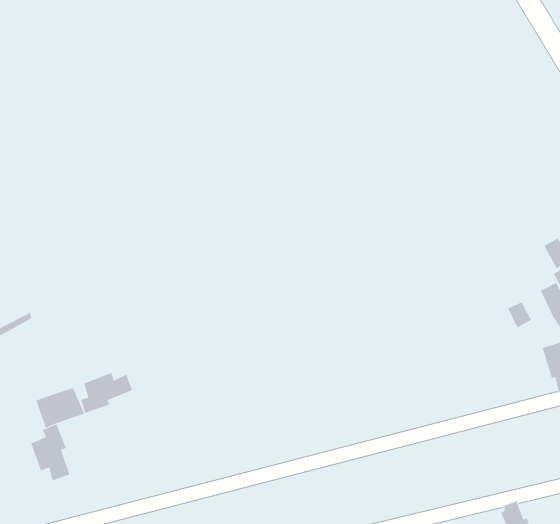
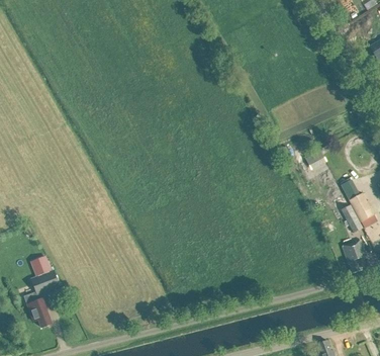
building: [81,372,133,413] -> none

